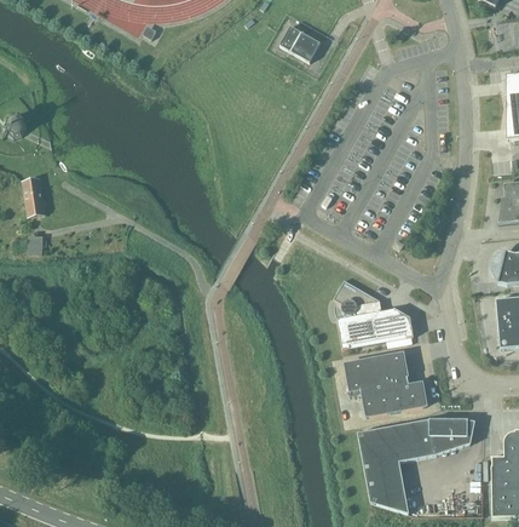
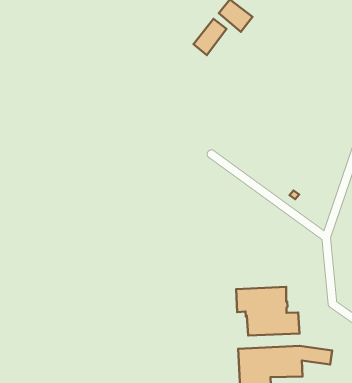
building: none -> [194,19,227,55]
building: [334,279,414,349] -> none

